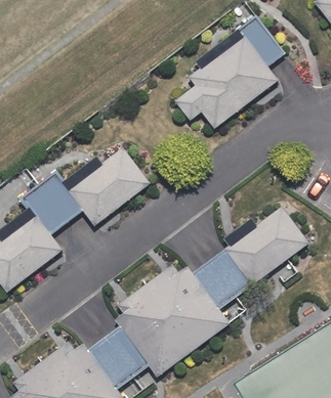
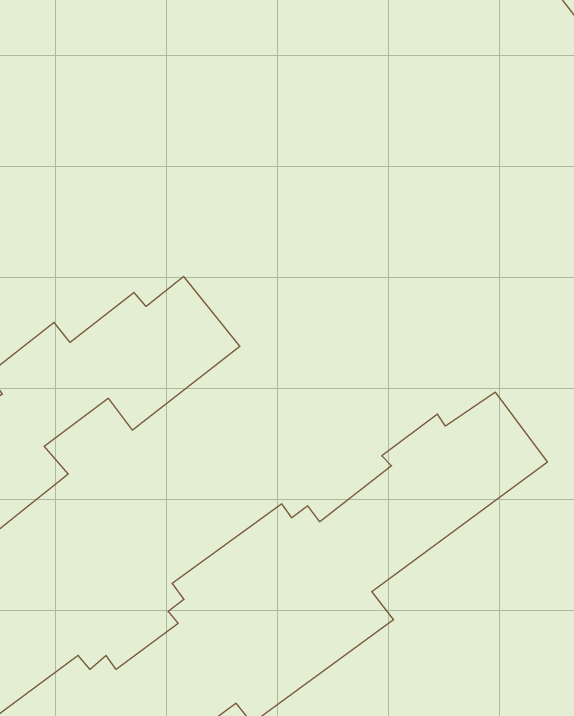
building: [174,15,285,129] -> none

